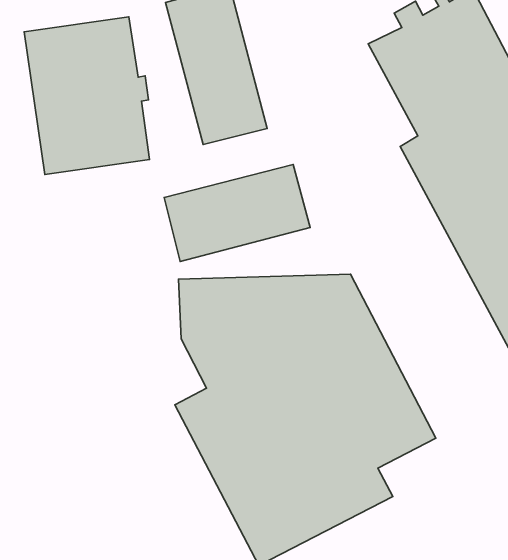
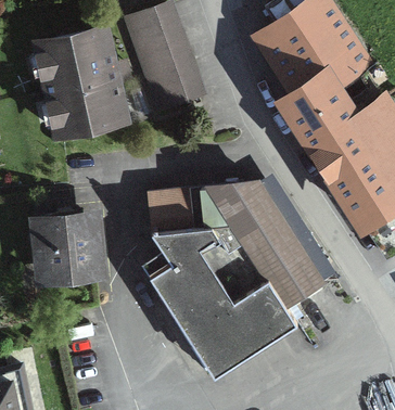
building: [164,164,310,261] -> none
building: none -> [40,214,94,273]

